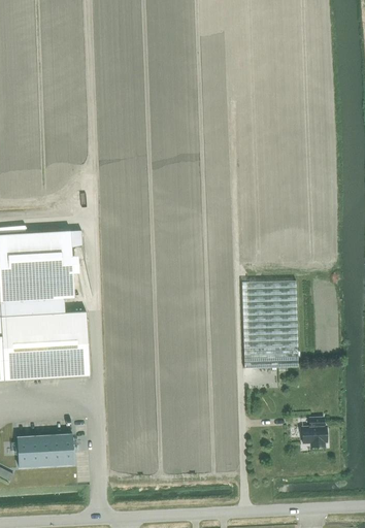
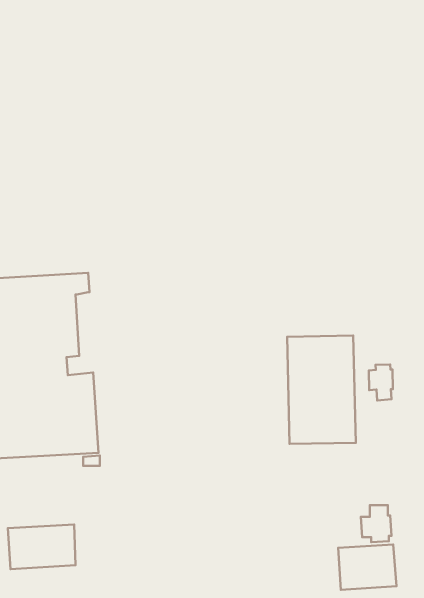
building: none -> [369,365,393,400]
building: none -> [338,545,397,590]

